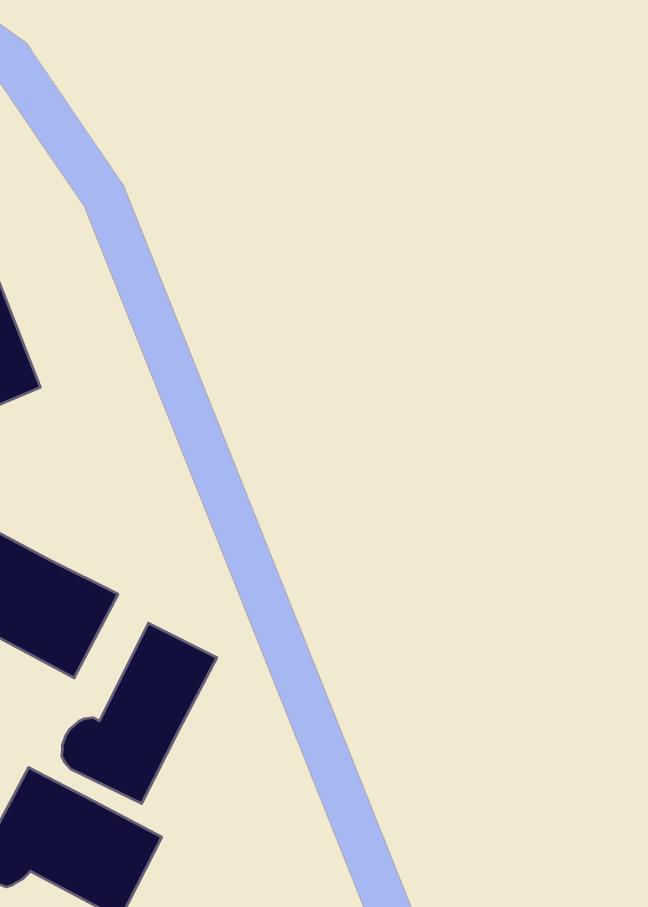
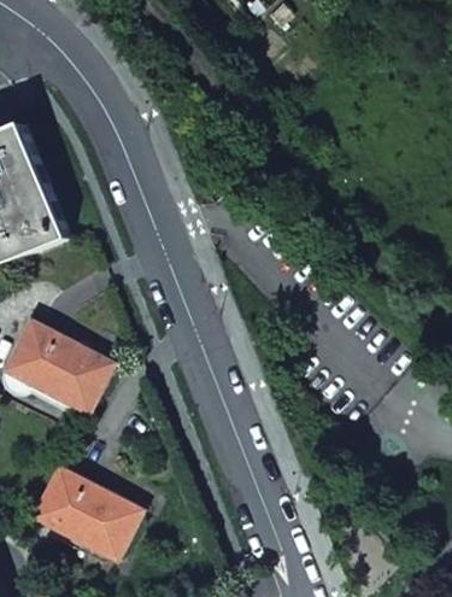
building: [62,623,217,804] -> none

